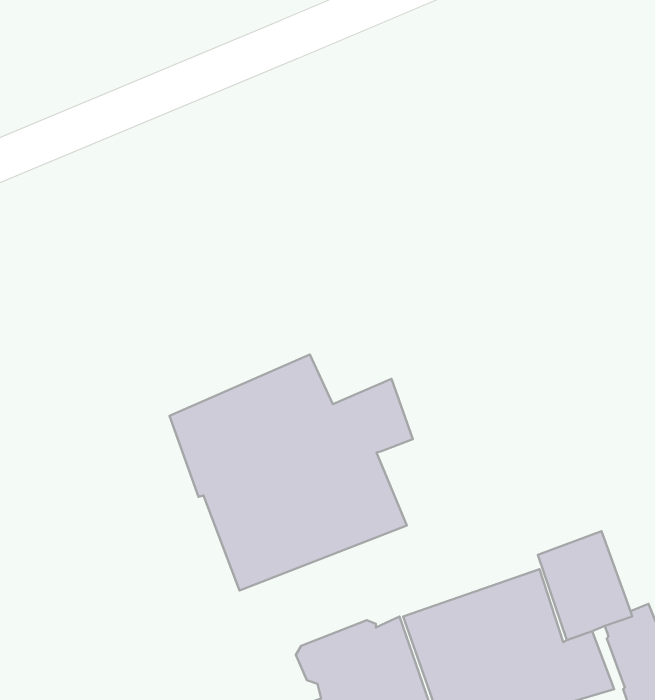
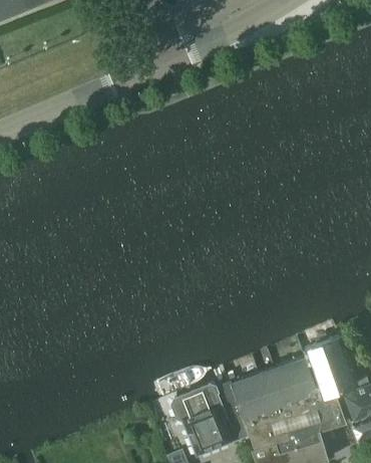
building: [169,354,413,591] -> none

